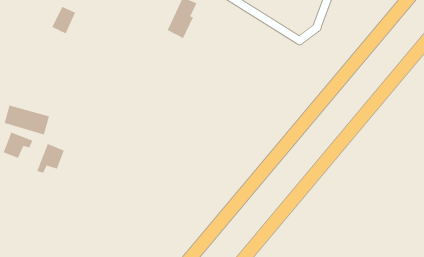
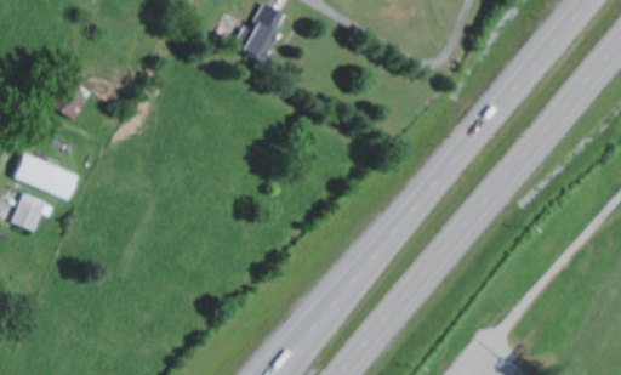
building: [51,6,76,34] -> [56,83,90,121]
building: [37,143,65,173] -> none

